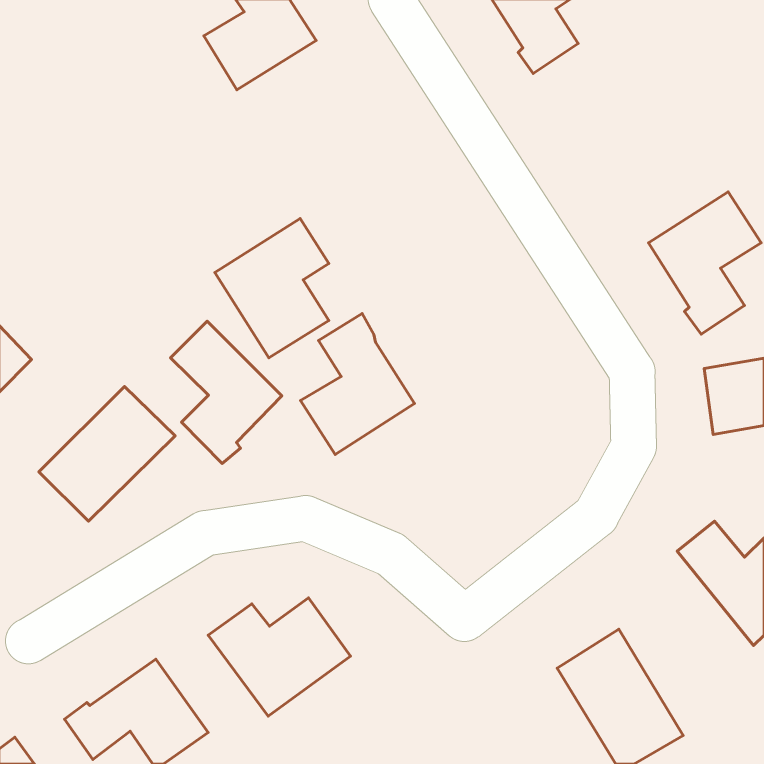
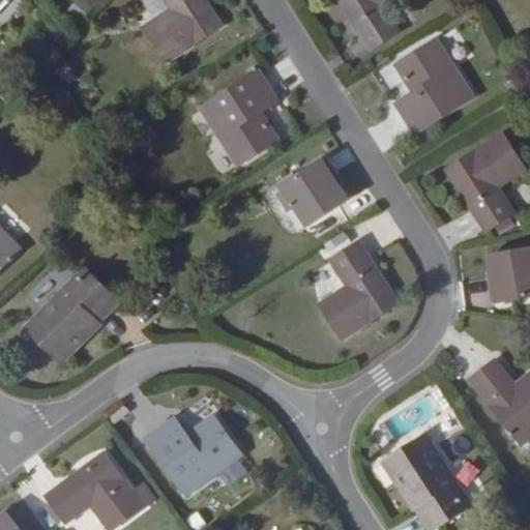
building: none -> [392,43,472,136]
building: [215,219,329,358] -> [199,70,277,167]
building: none -> [282,159,347,225]
building: [301,314,414,454] -> [316,241,394,338]
building: [170,321,282,464] -> none

